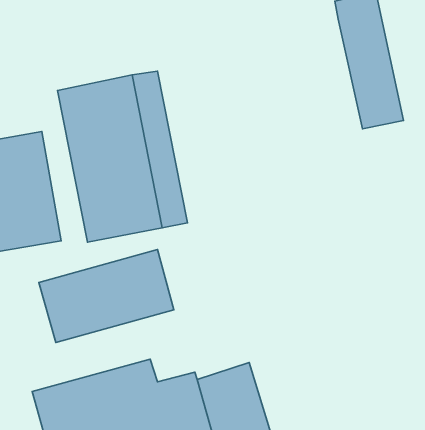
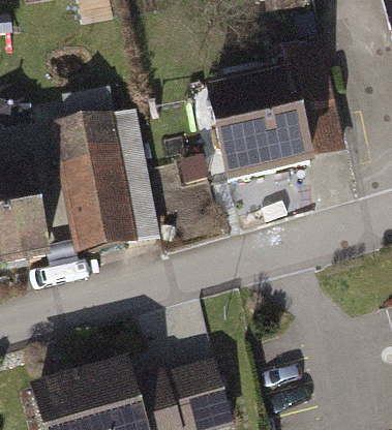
building: none -> [205,61,313,181]
building: [39,249,174,343] -> none

